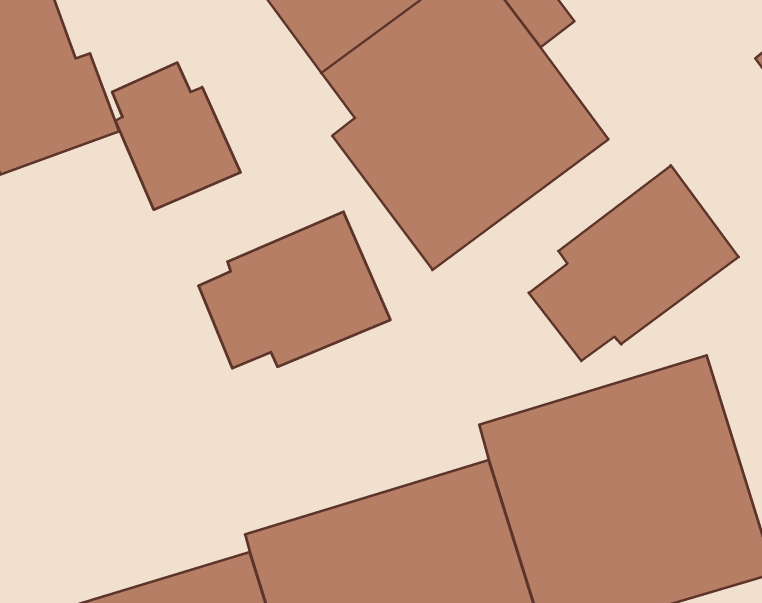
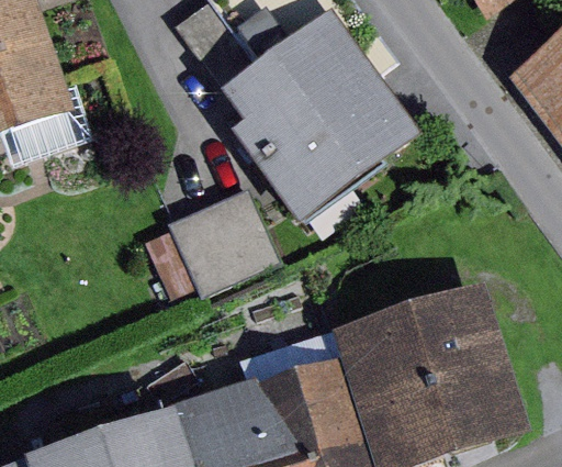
building: [112,63,240,210] -> none
building: [529,165,739,361] -> none

